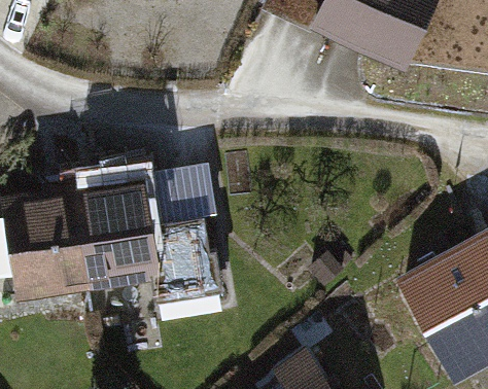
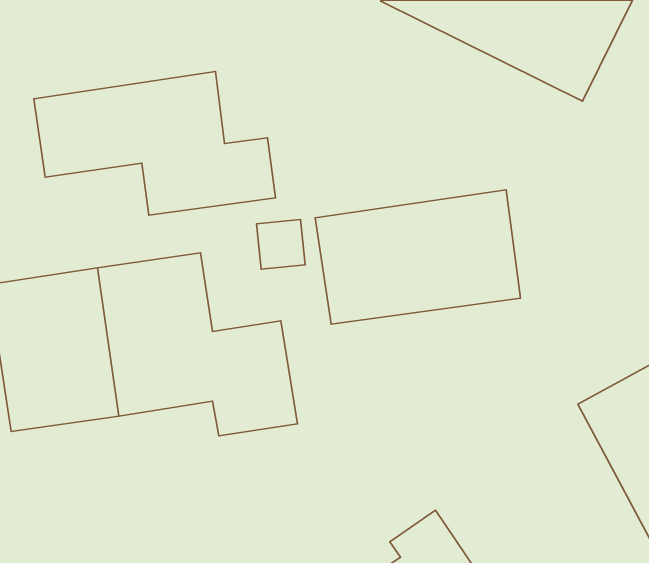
building: none -> [34,72,276,215]
building: none -> [315,190,521,324]

